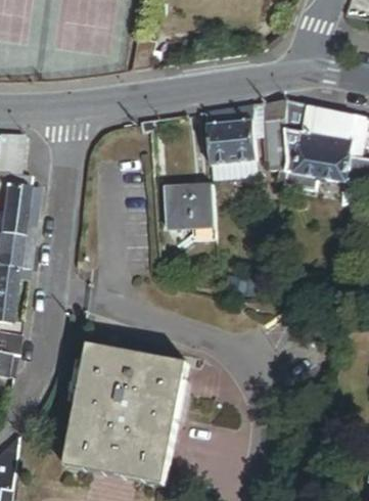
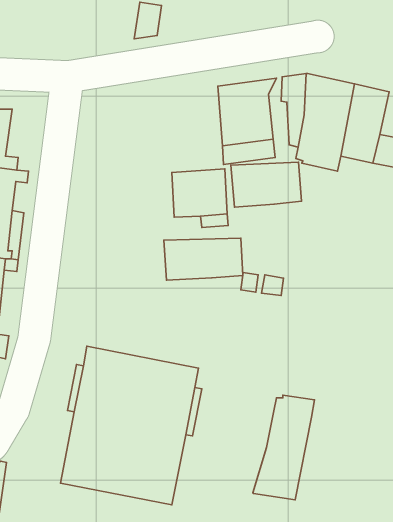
building: none -> [231,162,301,207]
building: none -> [164,238,243,280]
building: none -> [253,395,314,500]

